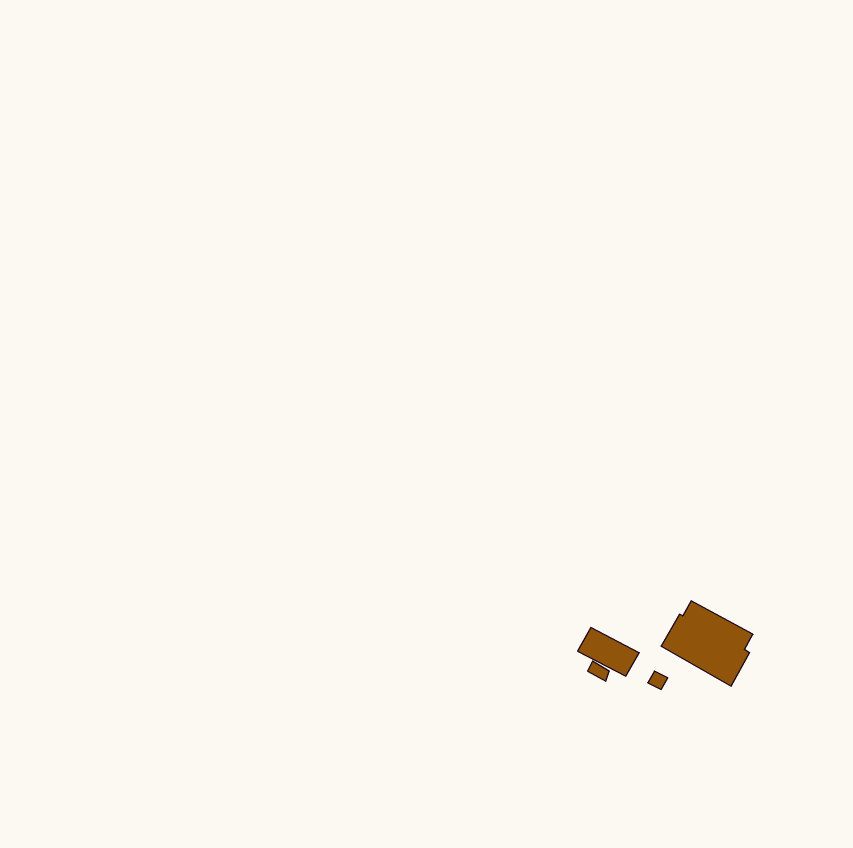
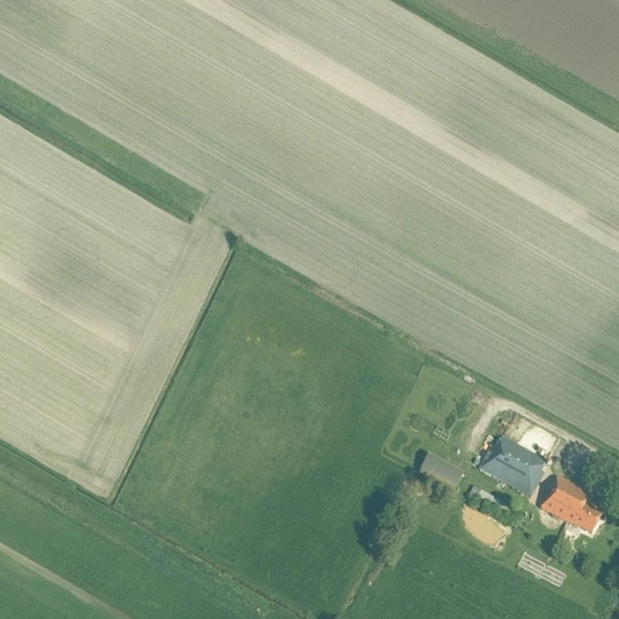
building: none -> [540,478,602,533]

